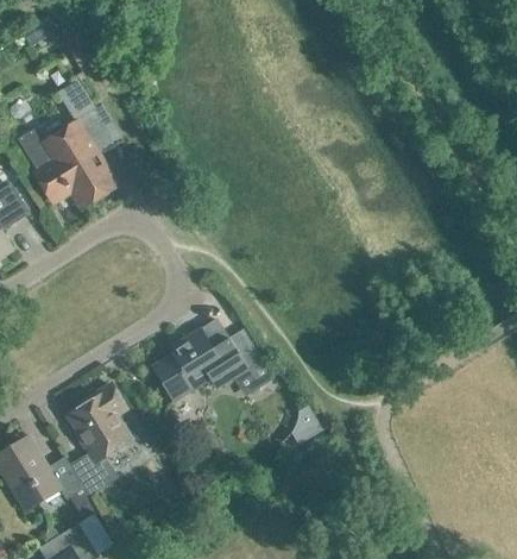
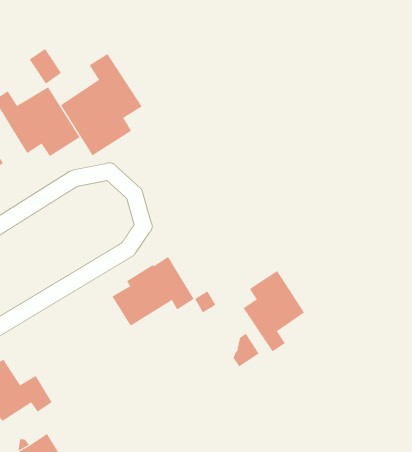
building: none -> [60,53,143,156]
building: none -> [243,270,305,352]
building: [68,384,131,495] -> none

